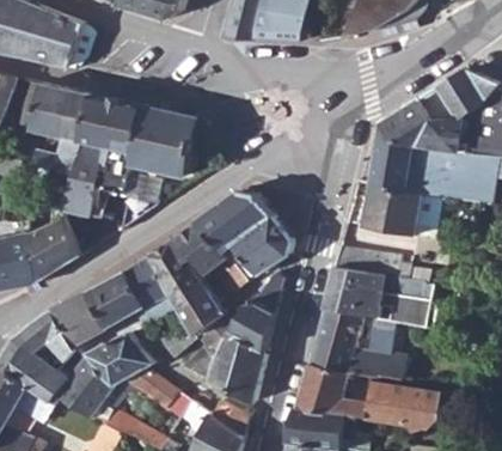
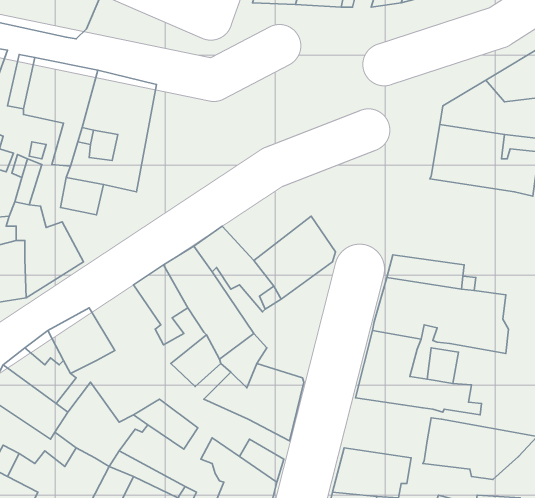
building: [117,104,198,228] -> none
building: [363,183,440,236] -> none
building: [196,191,270,251] -> none
building: [225,270,281,349] -> none
building: [85,272,151,331] -> none
building: [86,333,152,386] -> none
building: [298,366,367,419] -> none

